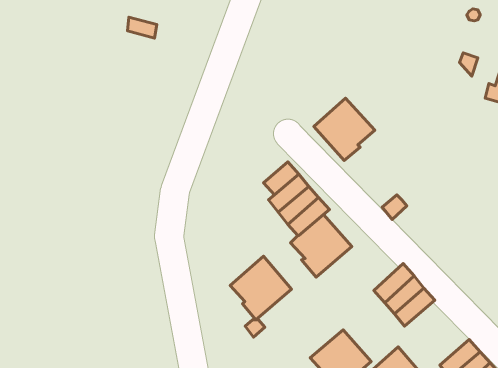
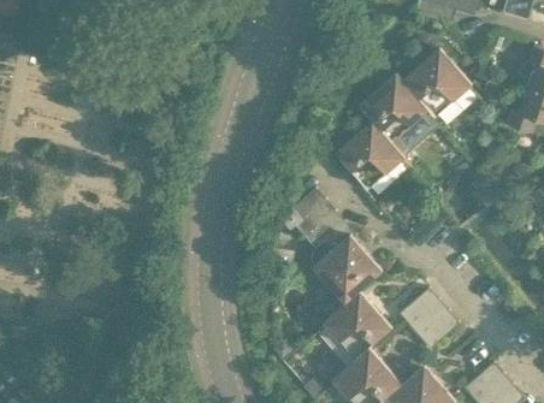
building: none -> [409,52,468,114]
building: none -> [366,77,425,140]
building: [230,256,292,320] -> [329,295,389,357]

